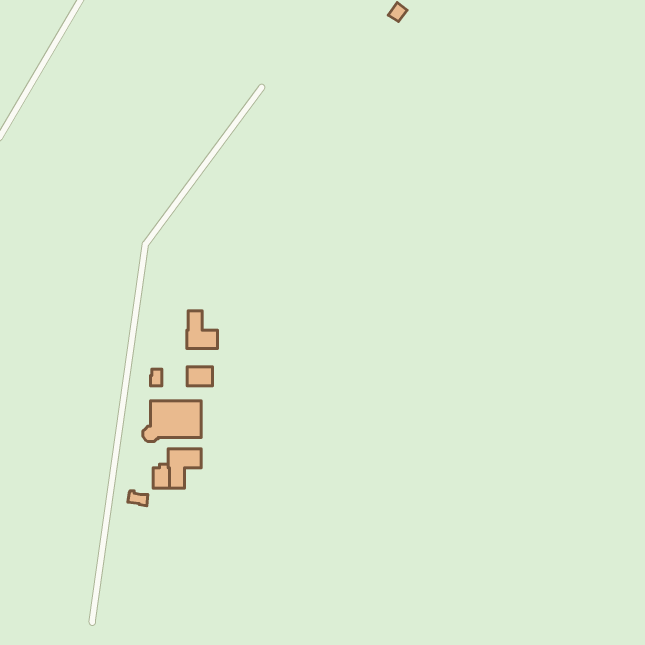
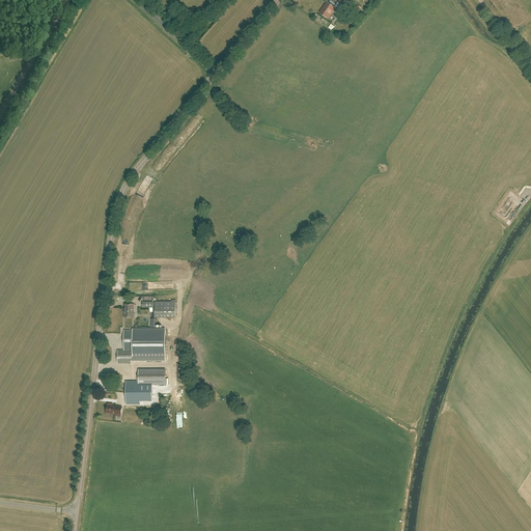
building: [187,311,217,349] -> none

